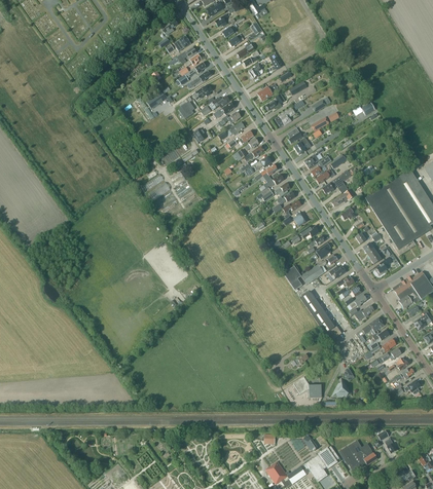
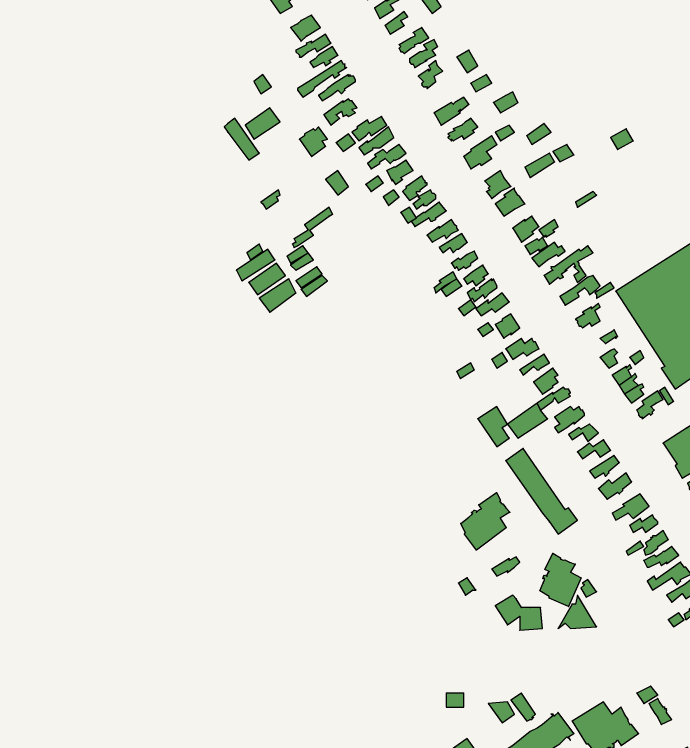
building: none -> [461,493,510,550]
building: none -> [540,553,581,607]

